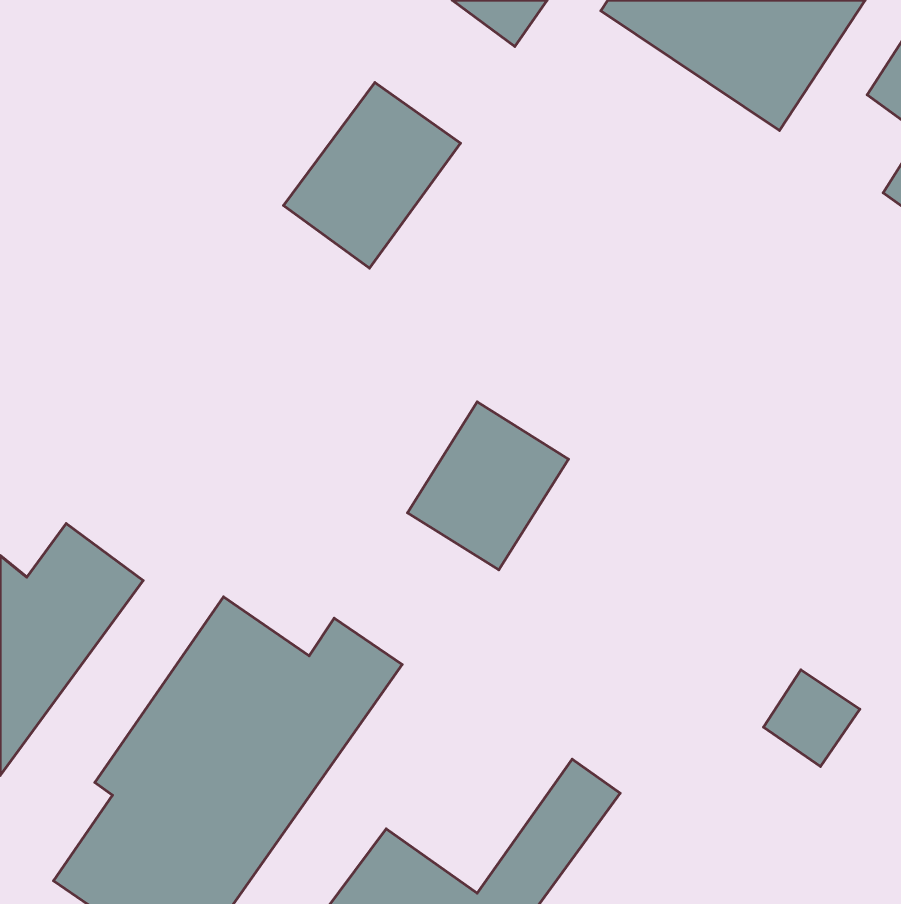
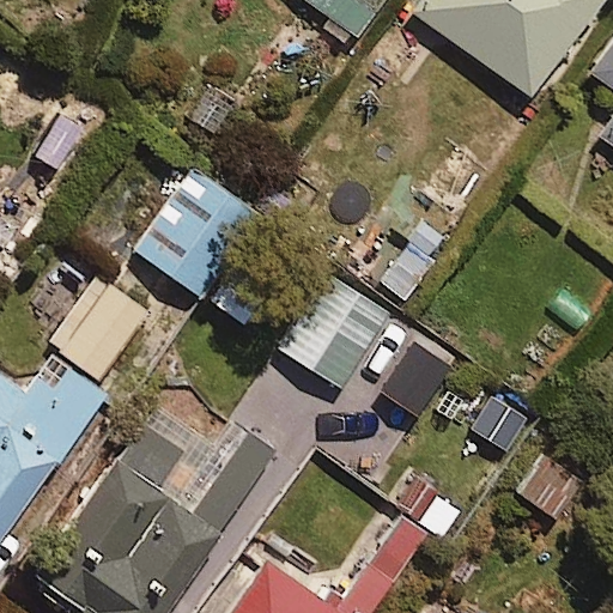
building: [284,82,461,268] -> [139,170,257,295]
building: none -> [55,280,146,378]

